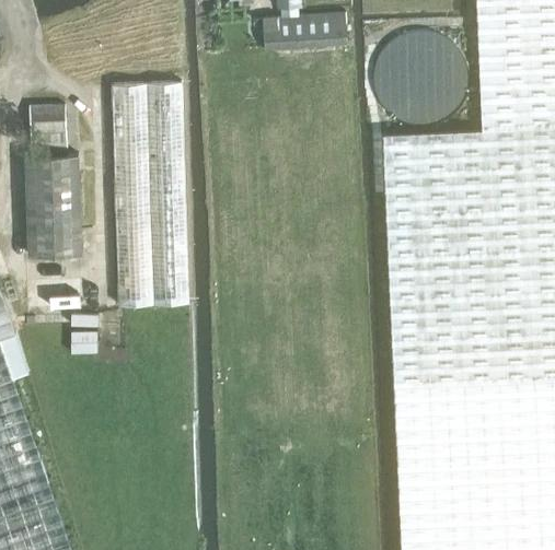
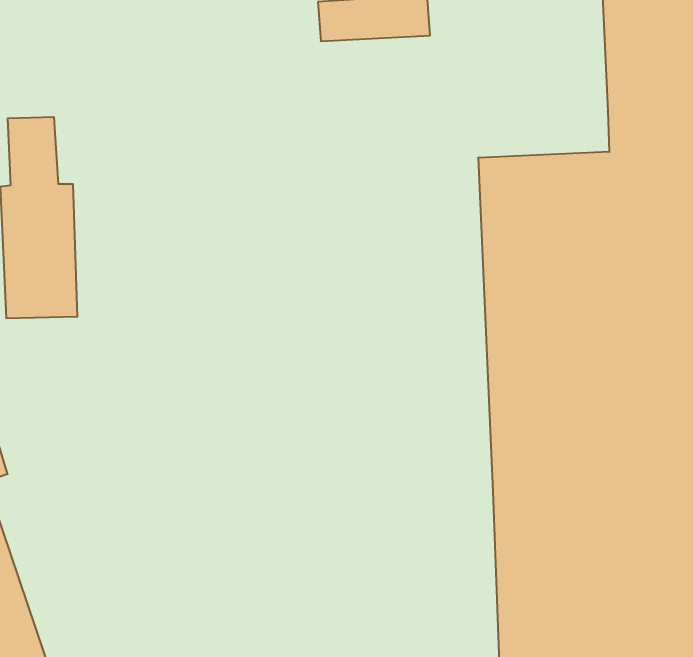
building: [370,27,470,126] -> none
building: [112,84,187,305] -> none

